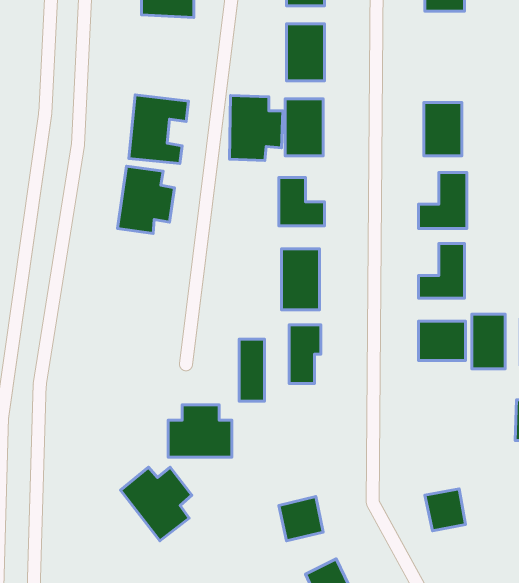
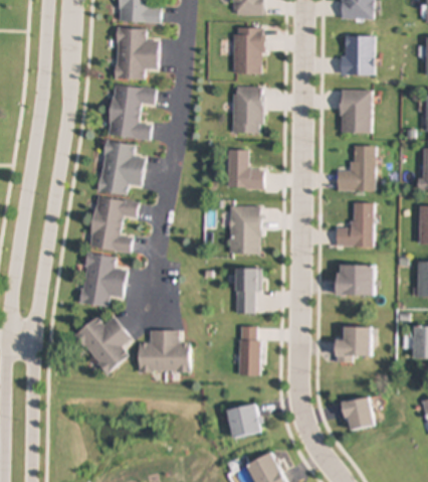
building: none -> [342,35,373,74]
building: [229,96,283,160] -> [115,28,157,79]
building: none -> [89,196,138,252]
building: none -> [80,252,126,306]
building: [472,314,505,369] -> none
building: [239,339,265,401] -> [239,325,259,374]
building: none -> [336,326,371,362]
building: [121,467,192,541] -> [74,316,131,374]

